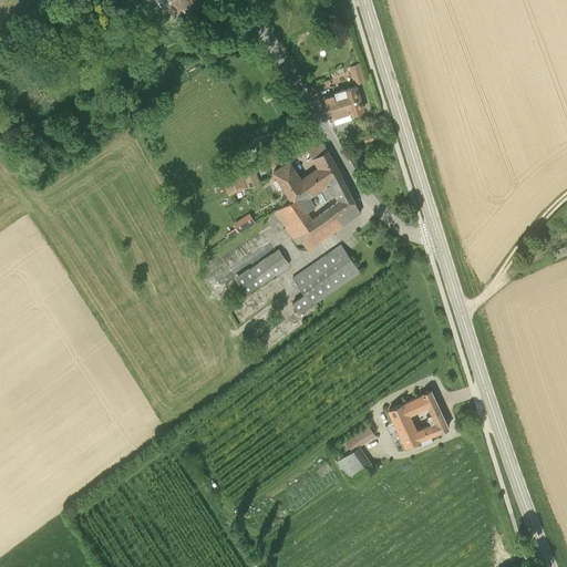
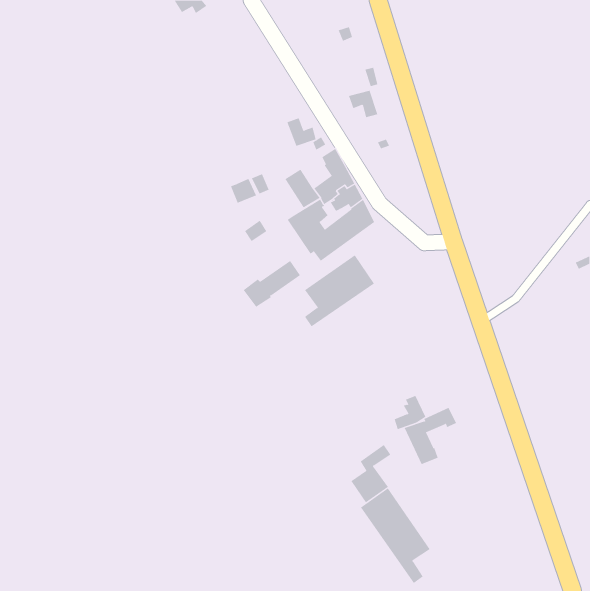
building: [321,92,350,120] -> [287,118,317,147]
building: [416,405,447,439] -> [394,395,426,430]
building: none -> [360,488,431,584]

